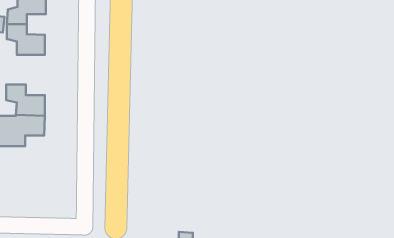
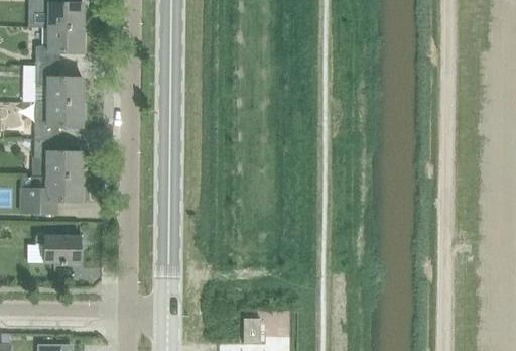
building: none -> [34,101,82,138]
building: none -> [36,235,82,265]

